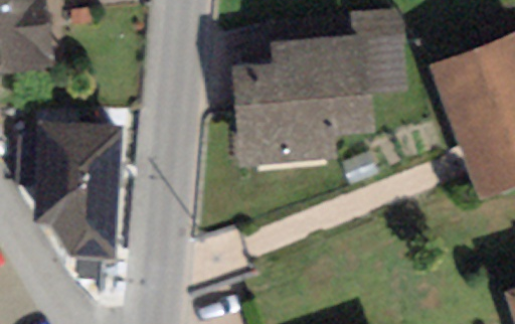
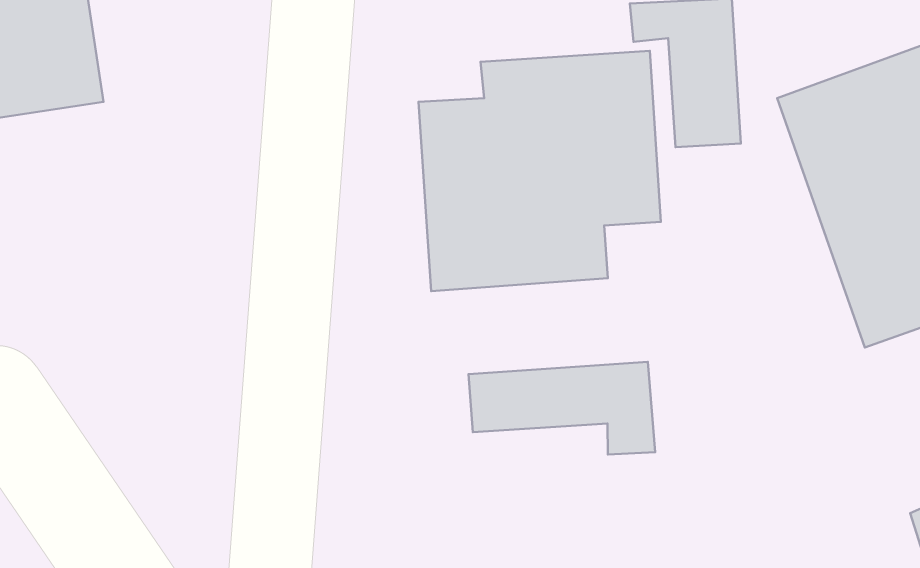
building: [31,115,130,267] -> none
building: none -> [468,362,655,454]

